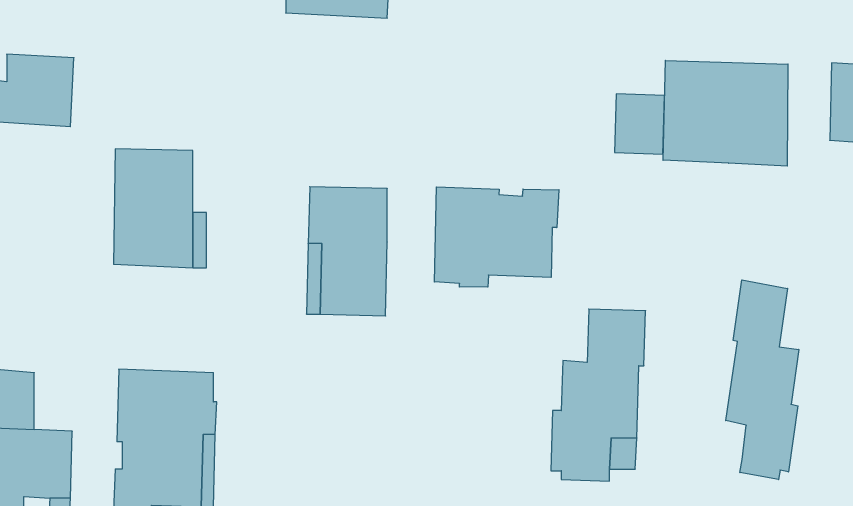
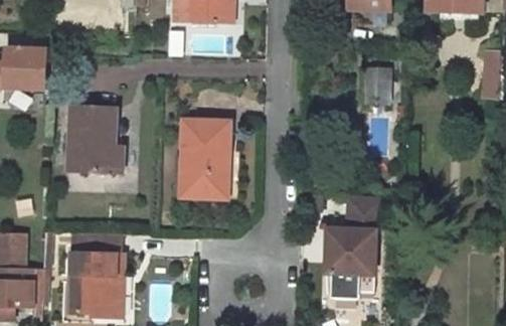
building: [663,60,788,166] -> none
building: [434,187,559,287] -> none
building: [726,280,799,480] -> none

